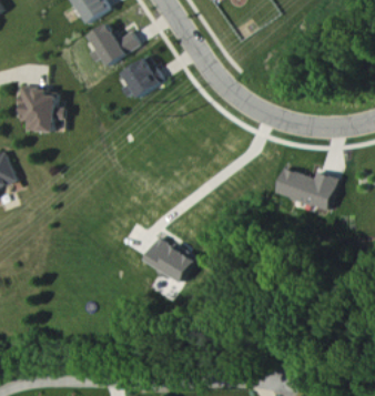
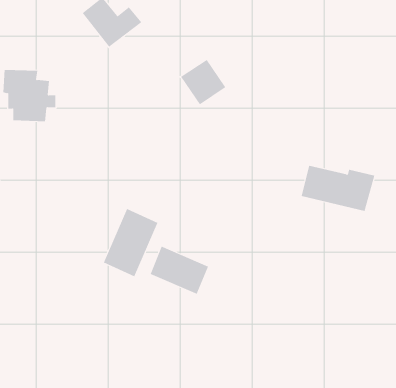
building: [120,58,160,98] -> [180,59,226,105]
building: none -> [103,208,158,277]

